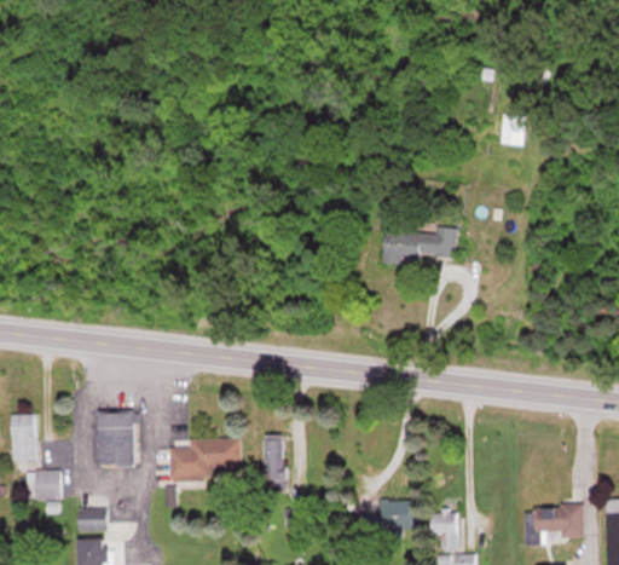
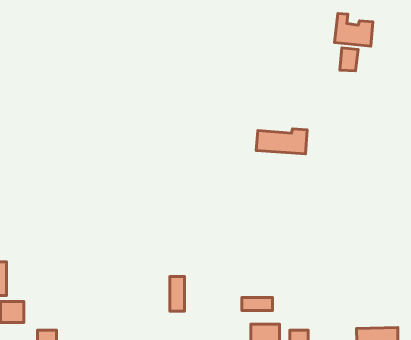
building: none -> [335,14,373,46]
building: [98,414,134,465] -> none
building: [170,438,241,479] -> none
building: none -> [242,298,273,311]

